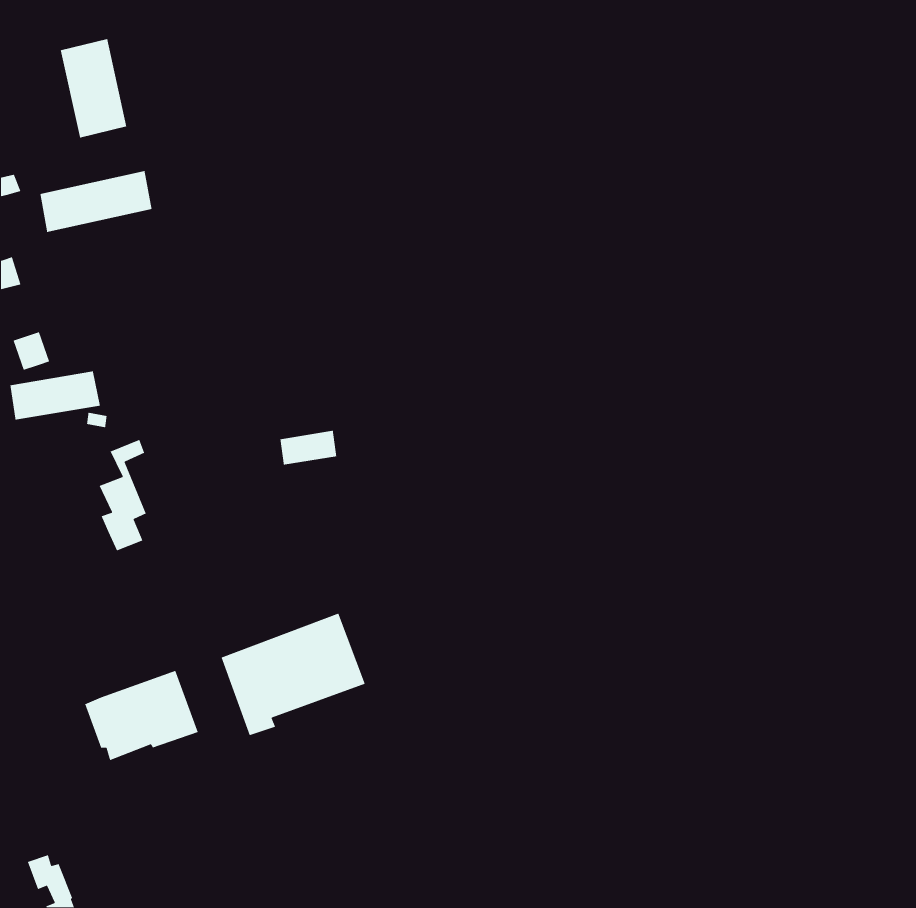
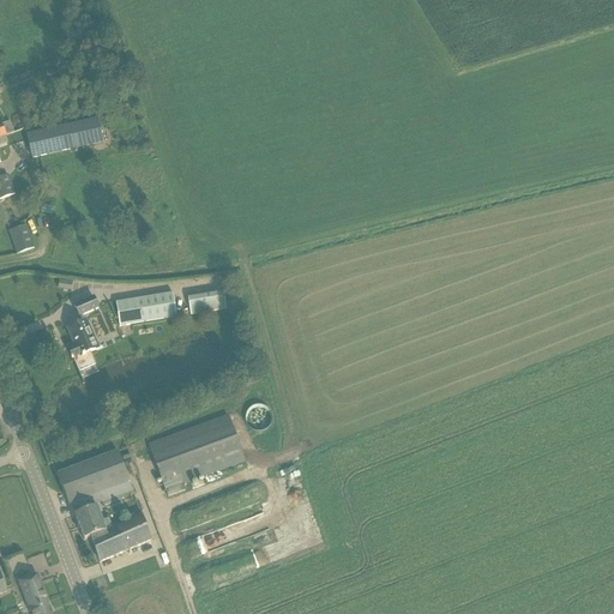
building: [60,38,127,139] -> none
building: [9,370,101,421] -> [115,289,176,323]
building: none -> [74,505,151,559]

